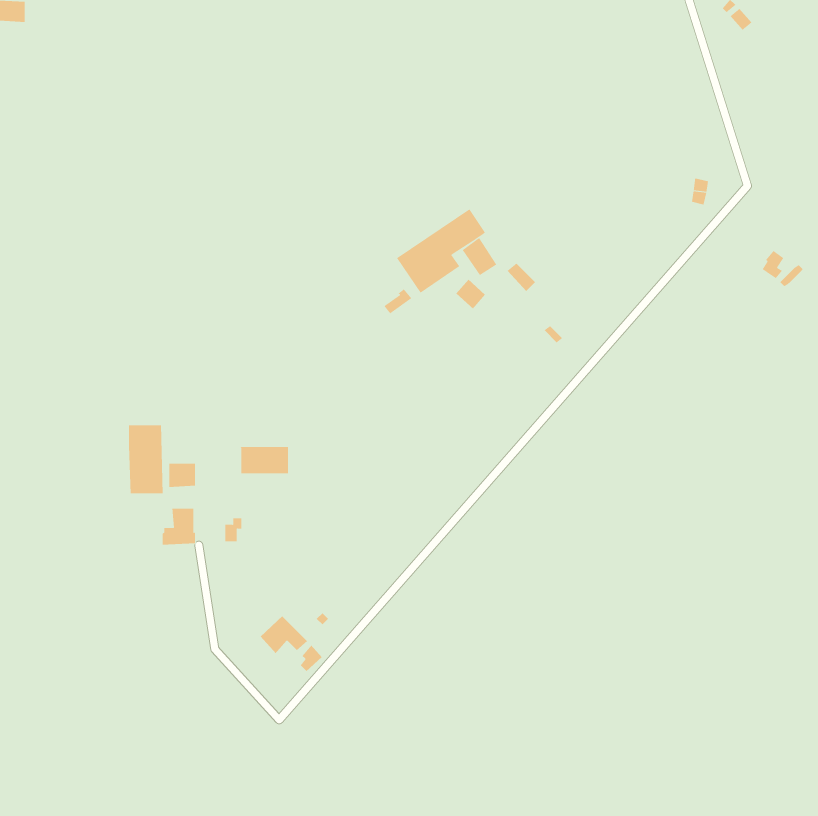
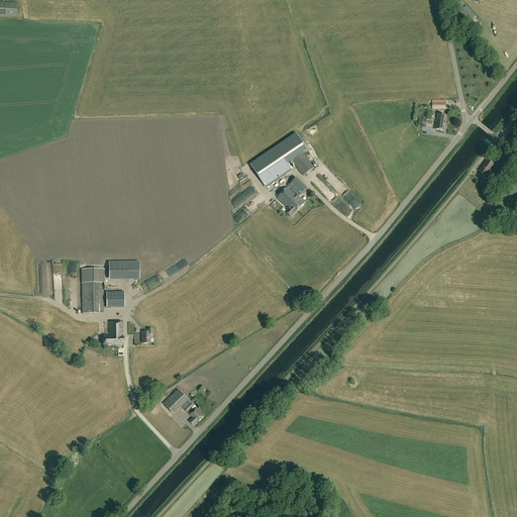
building: none -> [277,186,304,215]
building: [239,447,289,474] -> [107,261,138,278]

